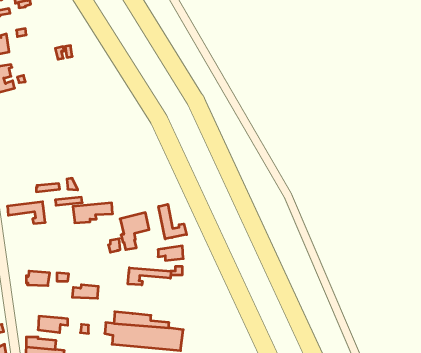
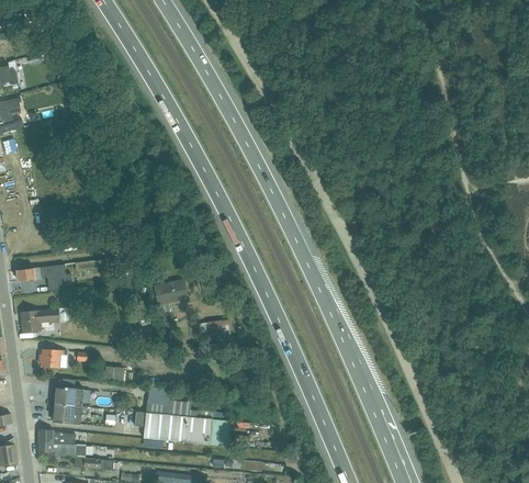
building: [73,203,113,223] -> [19,307,67,332]
building: [159,204,187,239] -> none
building: [128,268,171,285] -> none
building: none -> [53,386,89,406]

